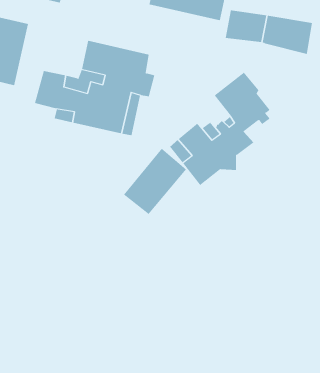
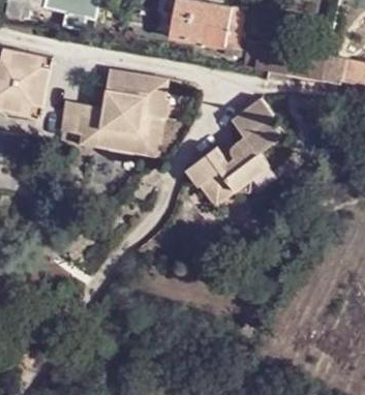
building: [123,148,187,215] -> none

